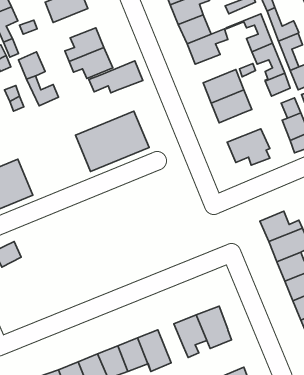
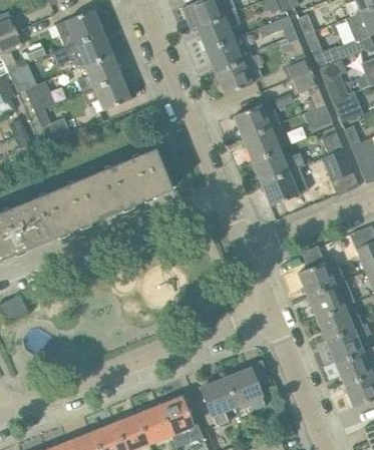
building: [89,61,143,93] -> [51,31,112,67]
building: none -> [252,148,306,182]
building: none -> [24,174,106,243]

